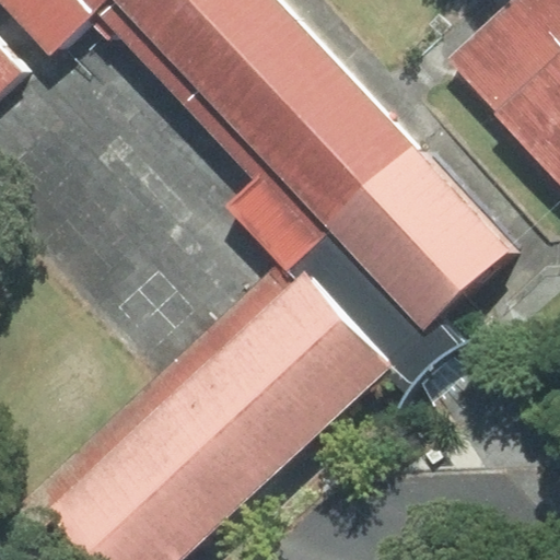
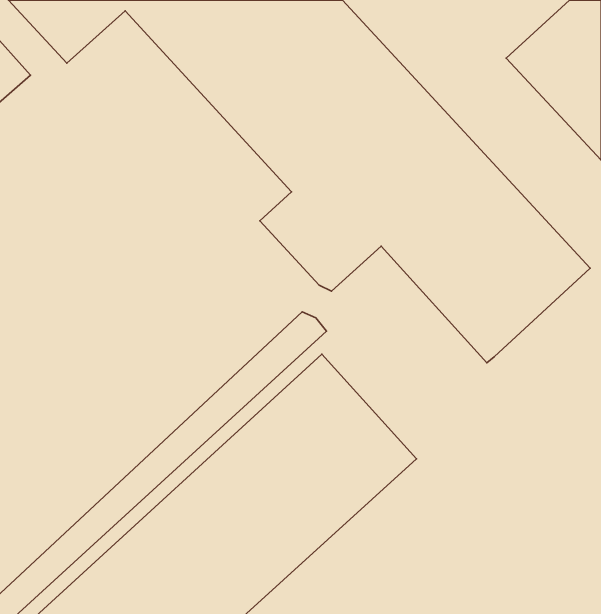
building: [299,228,460,396] -> none

